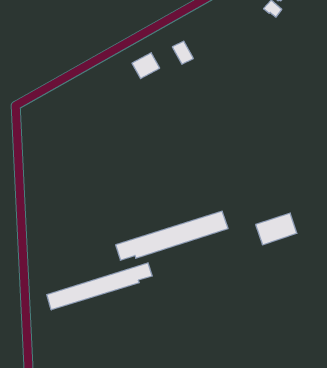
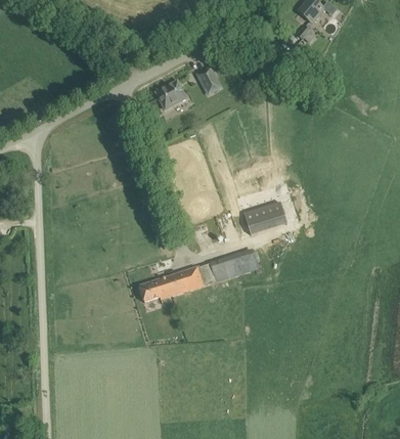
building: [256,213,297,245] -> [243,201,287,234]
building: [47,263,152,310] -> none

